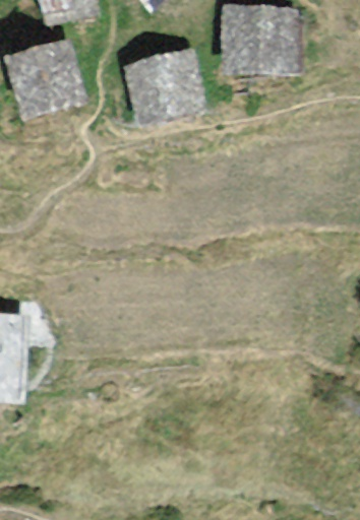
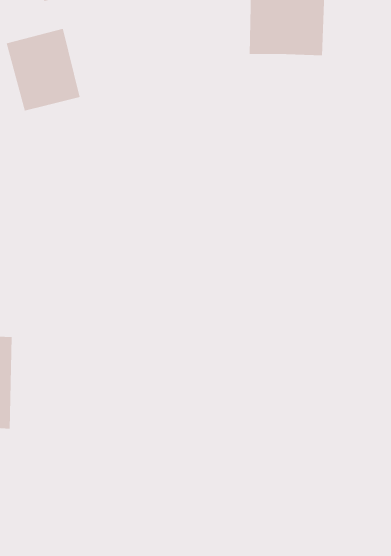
building: [129,51,201,118] -> none

